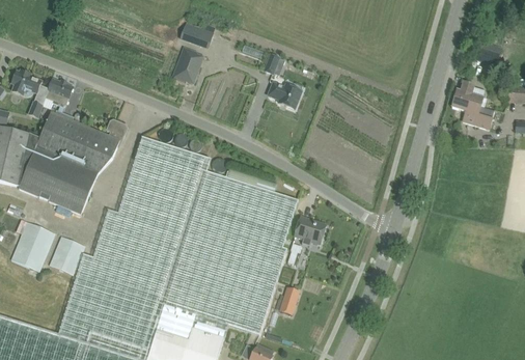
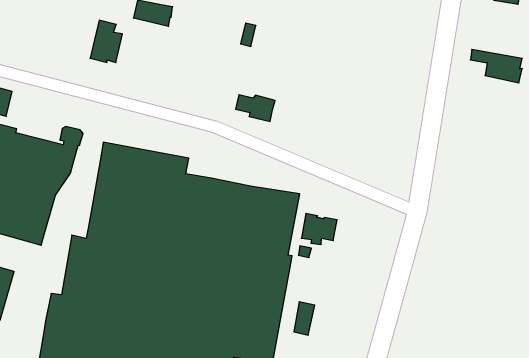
building: [172,48,201,84] -> [90,20,122,63]
building: [453,82,483,107] -> none
building: [268,83,301,108] -> [236,95,275,121]
building: [49,237,85,276] -> none

